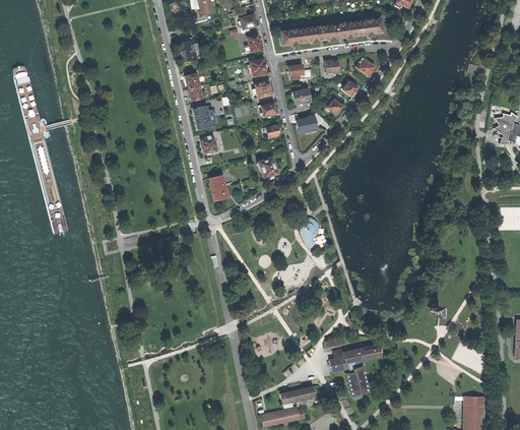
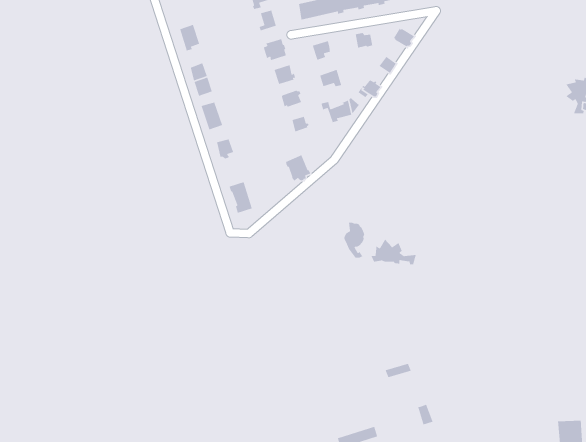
building: none -> [370,239,417,265]
building: [329,345,382,372] -> none

